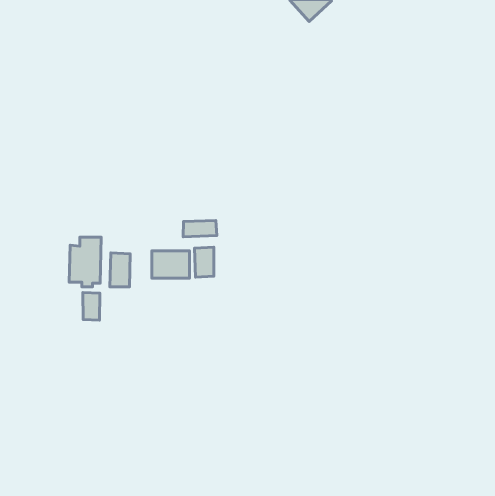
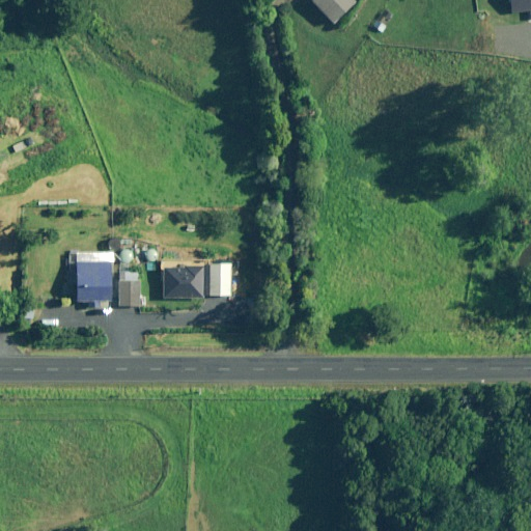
building: [183,220,217,237] -> none
building: [83,292,100,320] -> none

